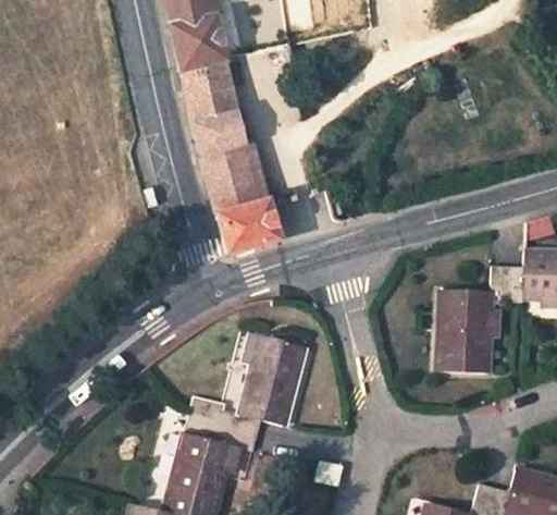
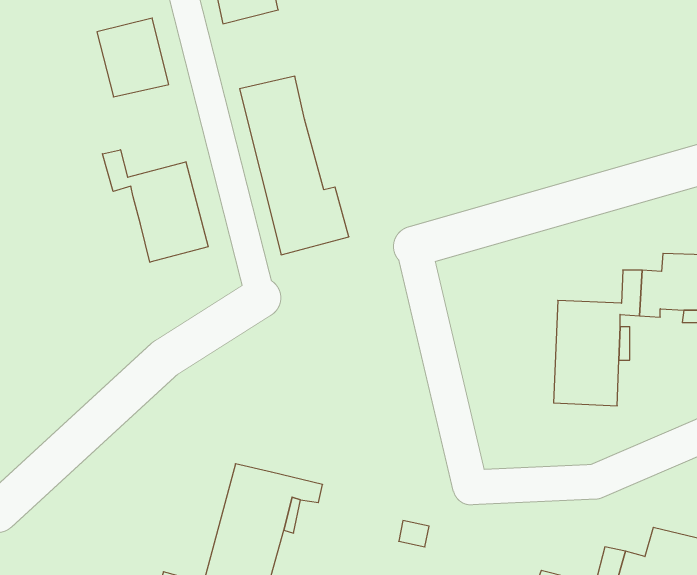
building: [180,61,236,123] -> [97,18,169,97]
building: none -> [102,150,208,262]
building: [218,335,305,441] -> none

